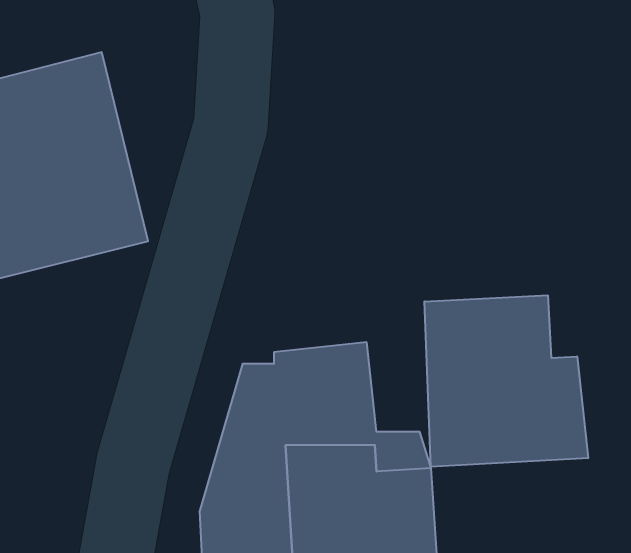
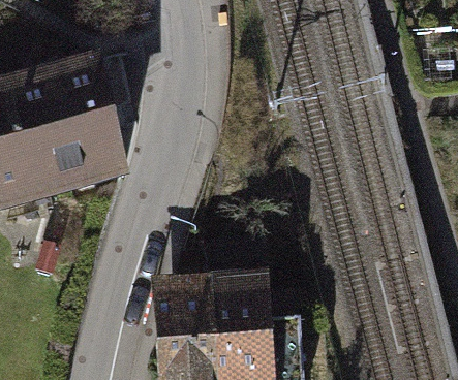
building: [424,295,588,467] -> none

